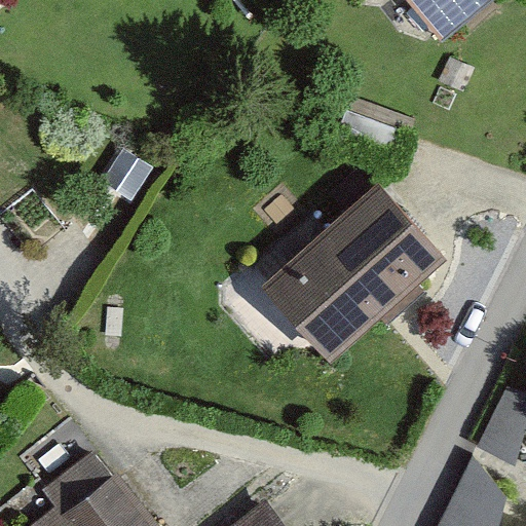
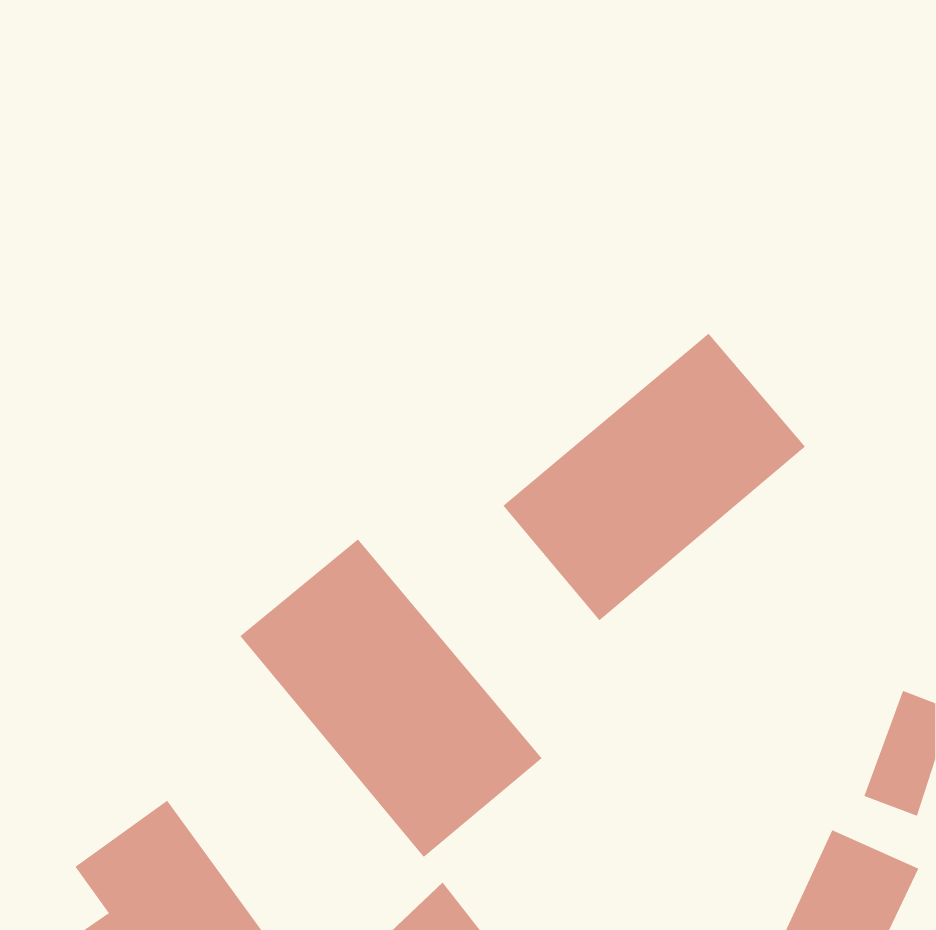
building: none -> [239,539,543,858]

